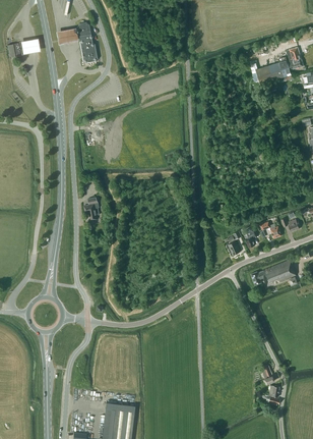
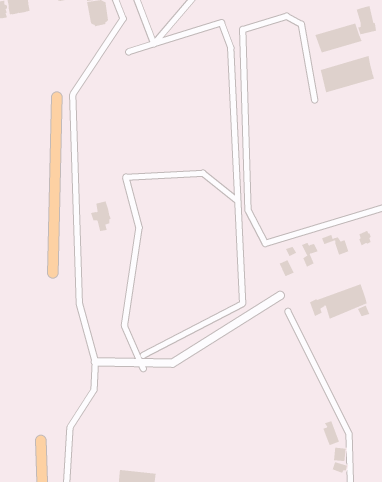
building: none -> [320,55,374,93]

